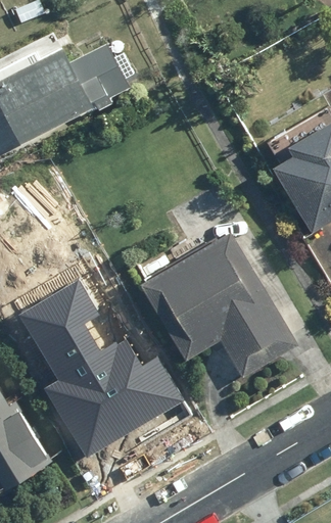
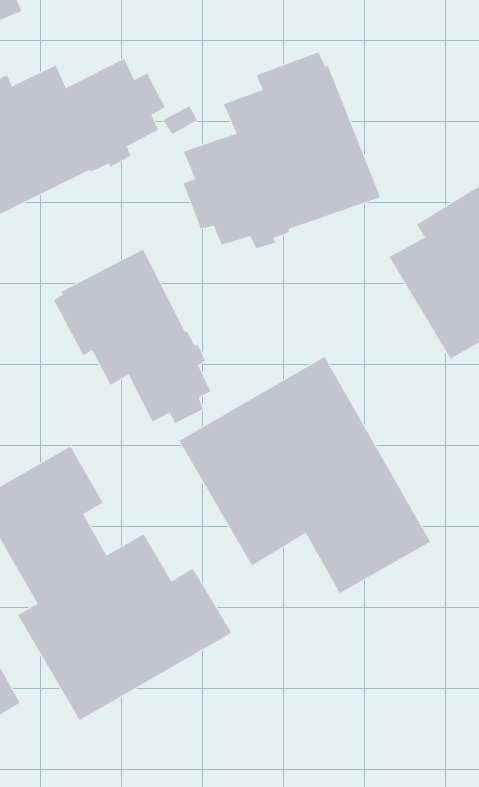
building: none -> [183,51,381,249]
building: none -> [53,249,211,424]

